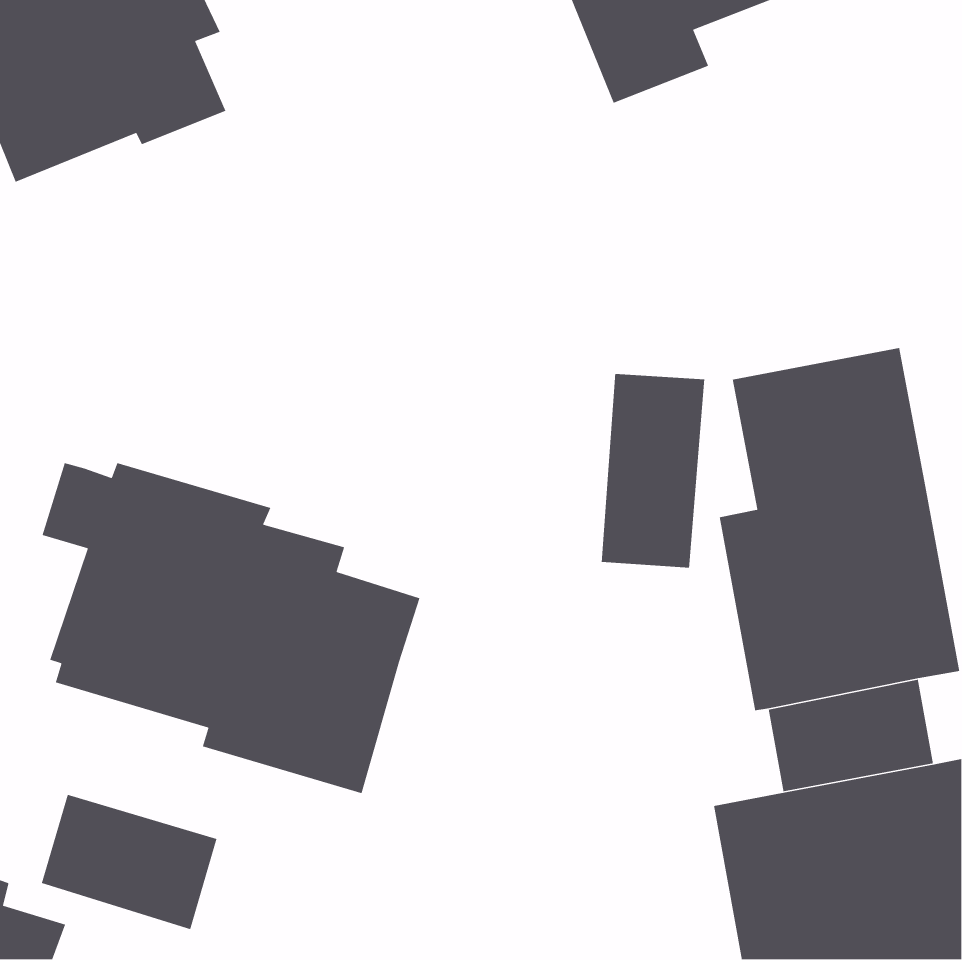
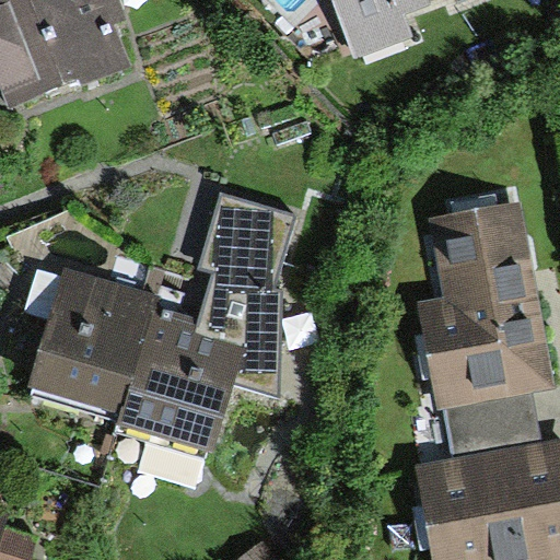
building: none -> [196,194,292,397]
building: [601,373,705,568] -> none
building: [41,794,217,930] -> none

